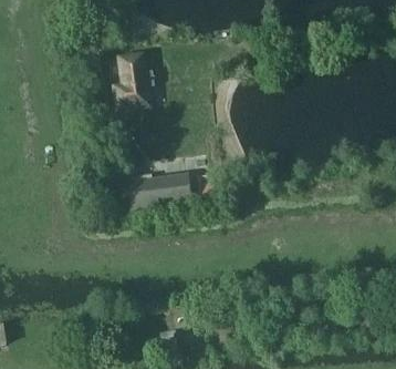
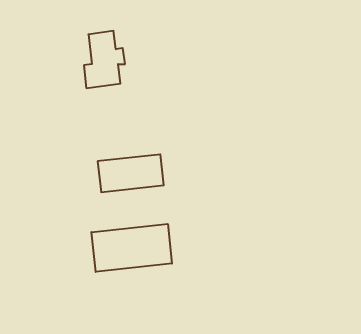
building: none -> [91,224,172,272]

